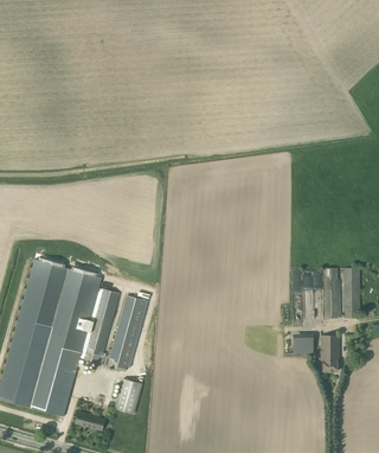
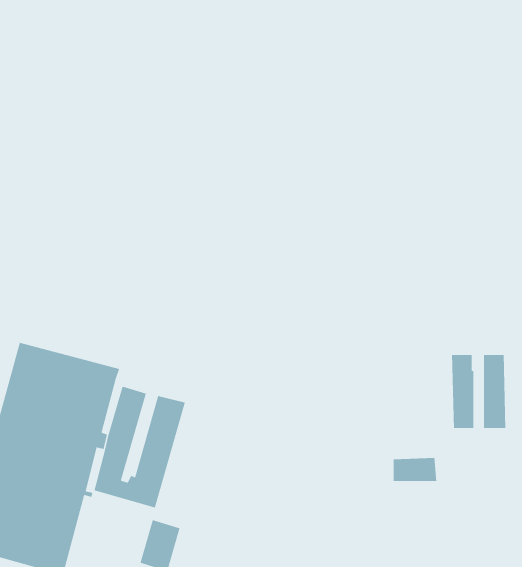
building: [321,334,339,370] -> none

